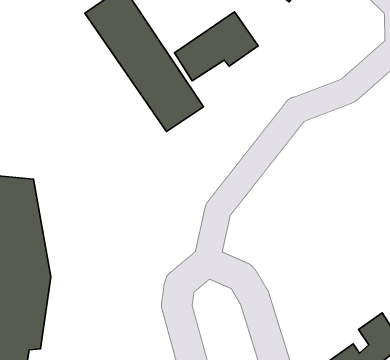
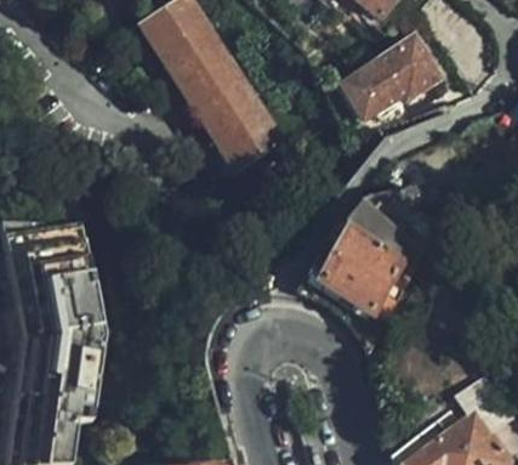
building: [175,12,258,81] -> [342,34,440,115]
building: none -> [297,192,416,329]

